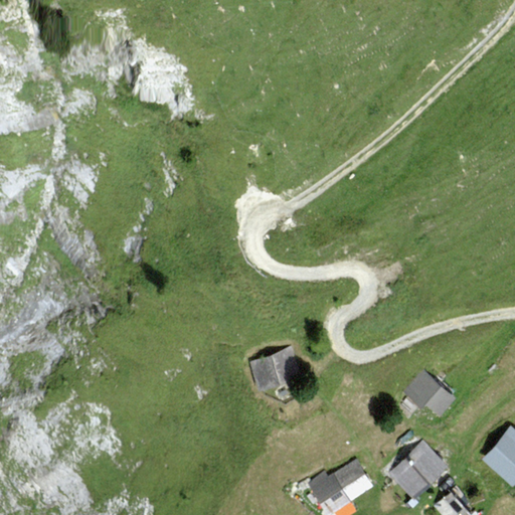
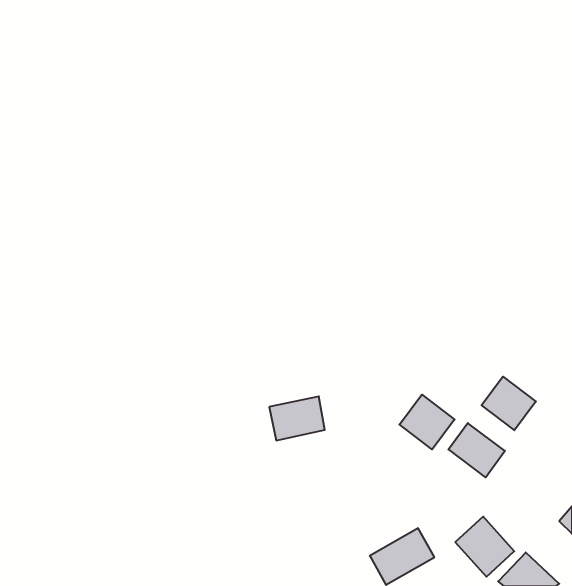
building: none -> [482,377,536,430]
building: none -> [399,395,455,449]

